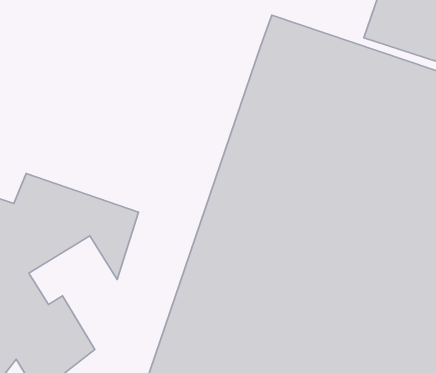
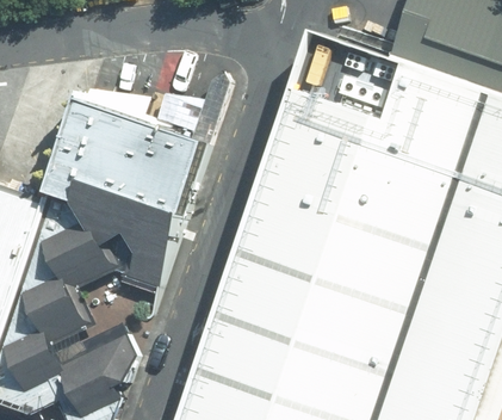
building: none -> [68,105,207,221]

